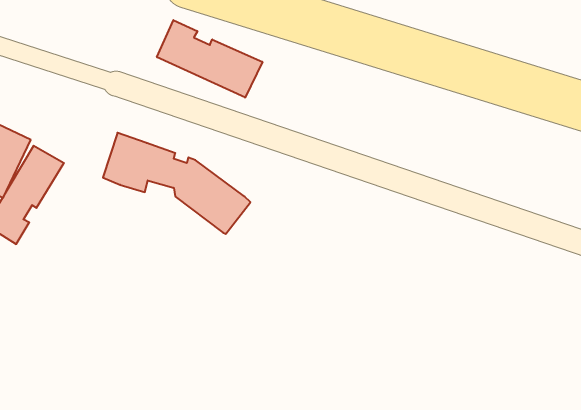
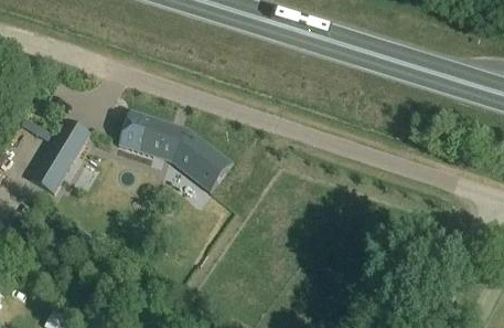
building: [157,20,262,98] -> none

